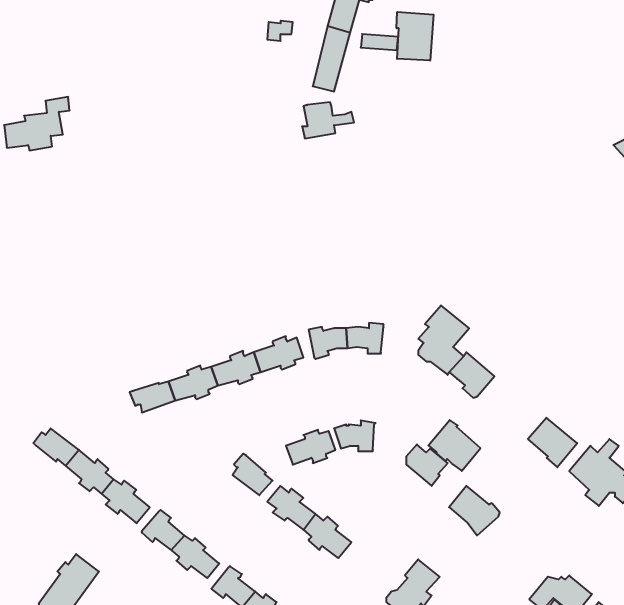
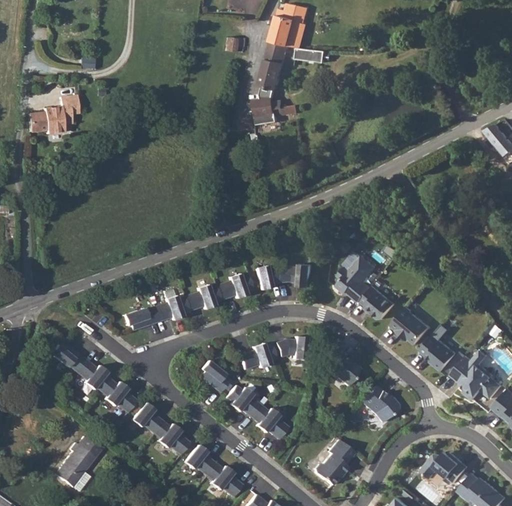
building: [397,12,434,61] -> none
building: [428,420,480,471] -> [392,306,431,344]

